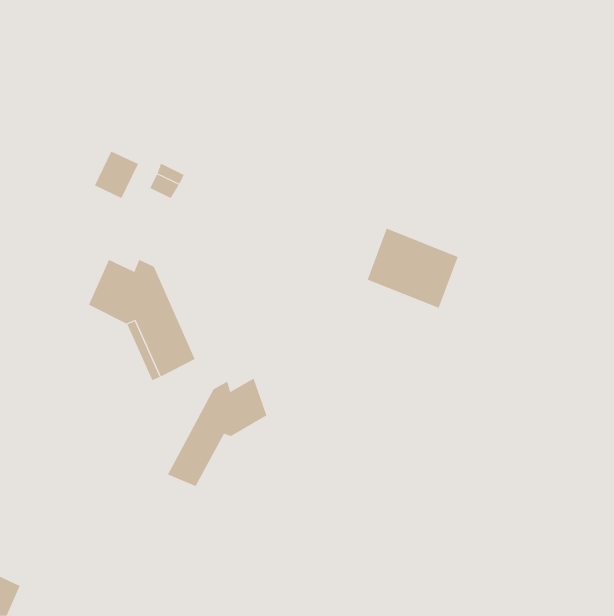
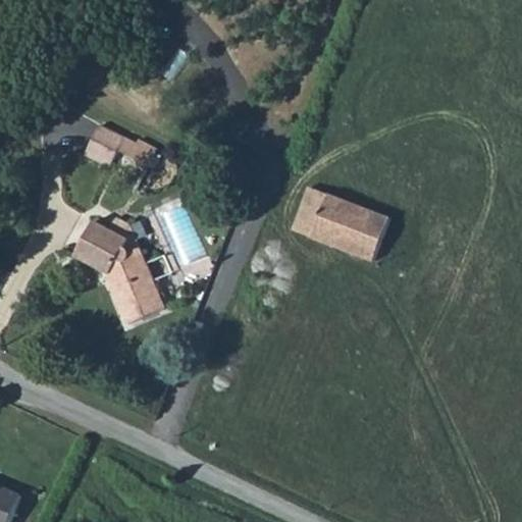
building: none -> [291,186,326,237]
building: [167,378,267,487] -> none

